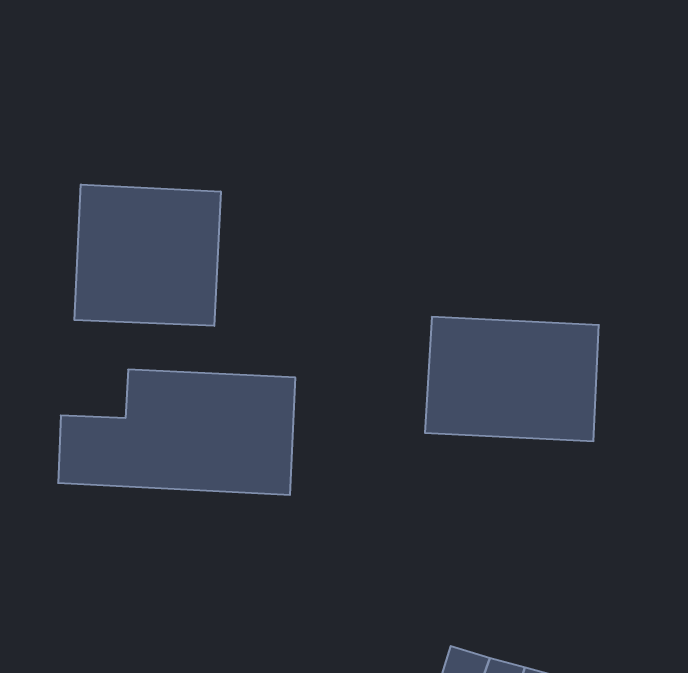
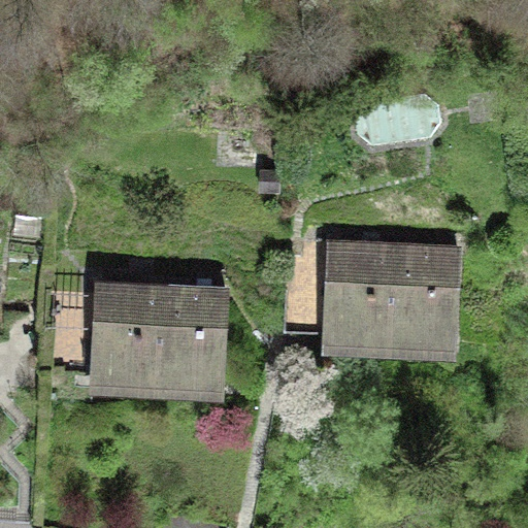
building: [74,184,221,326] -> none

